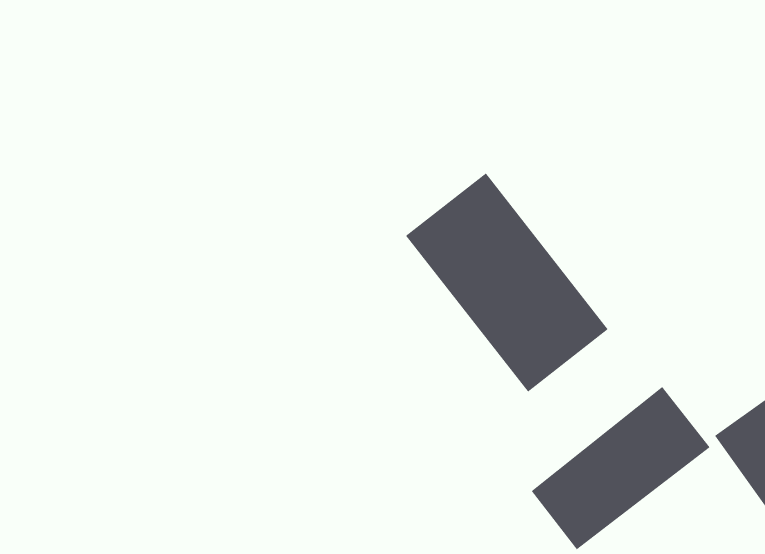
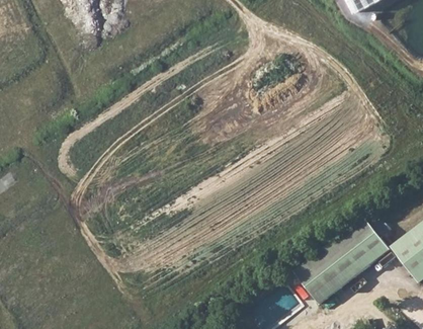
building: [405,173,609,393] -> none

